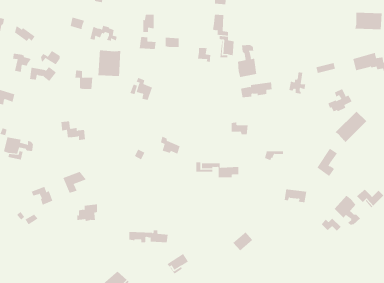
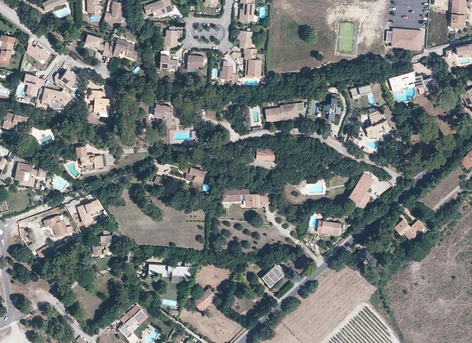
building: [238,44,257,78] -> none
building: [98,49,121,77] -> none
building: [335,111,367,143] -> none
building: [334,195,361,225] -> none

